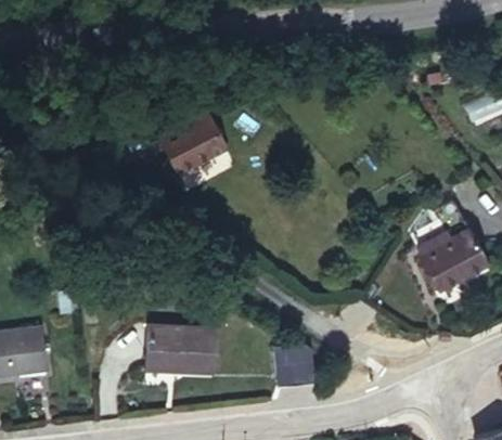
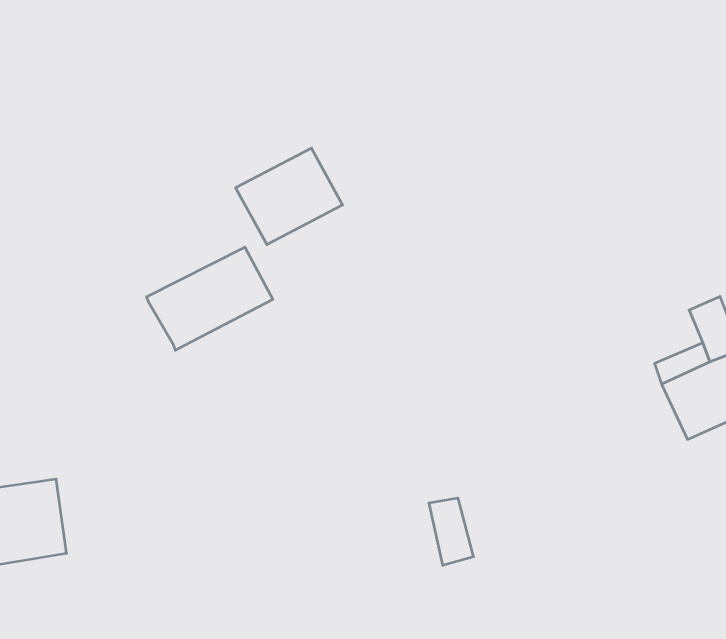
building: none -> [147,247,273,350]
building: [144,337,218,381] -> none

